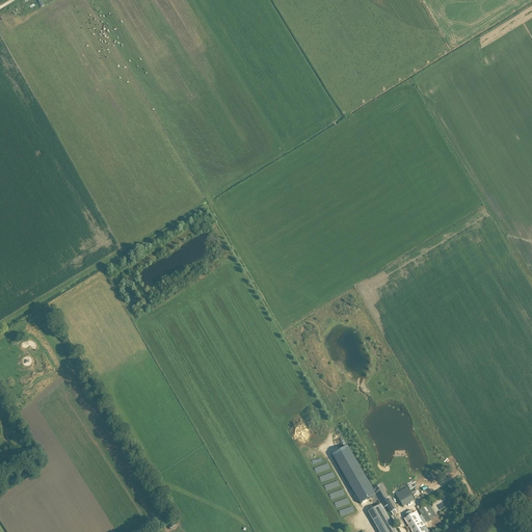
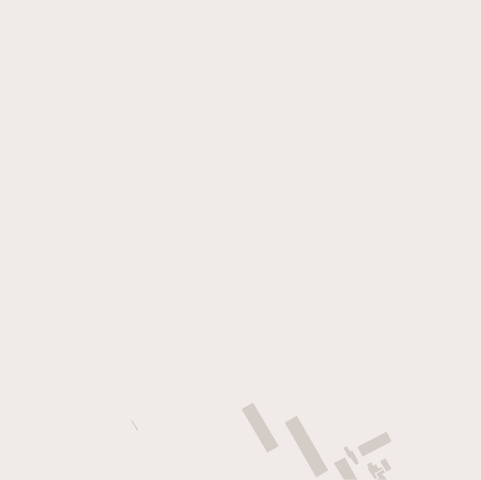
building: [331,445,375,502] -> [240,402,280,454]

